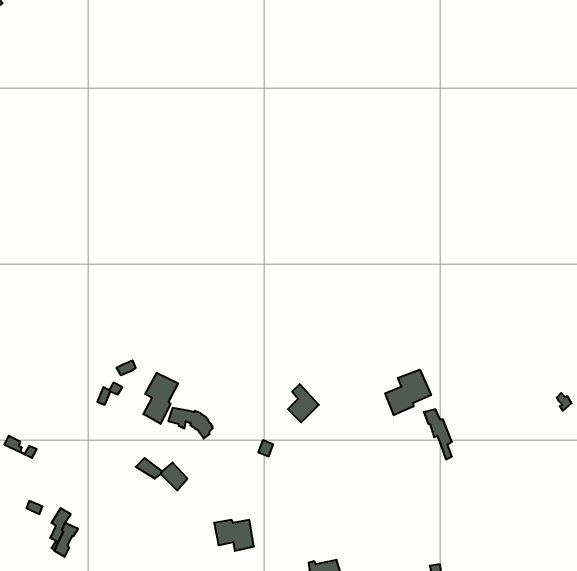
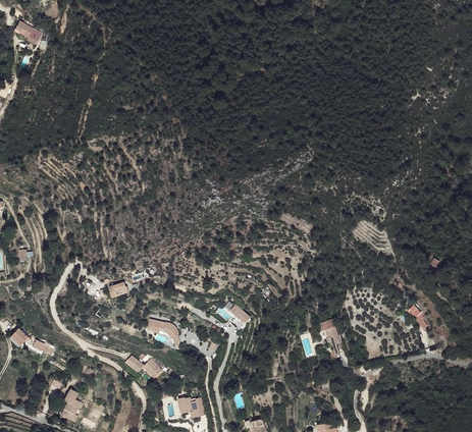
building: [385,370,431,415] -> none
building: [143,373,178,424] -> none

